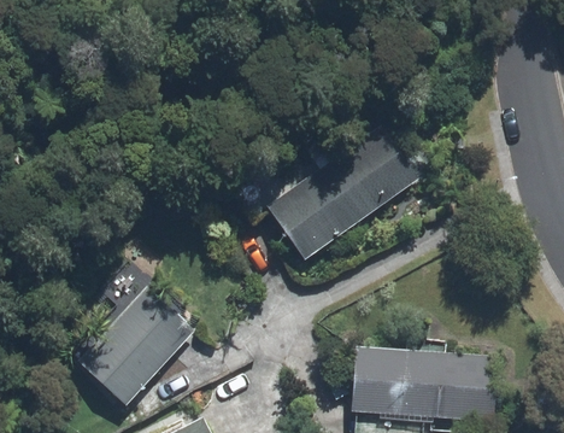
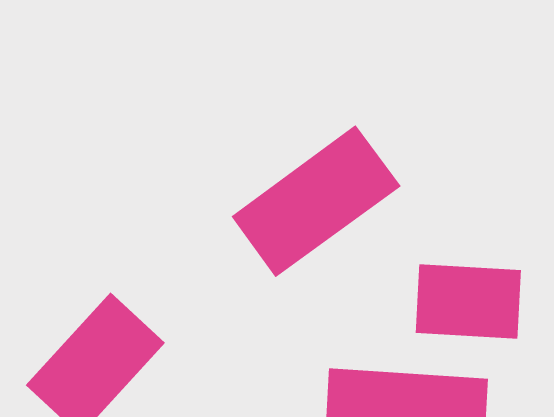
building: none -> [415,263,522,340]

